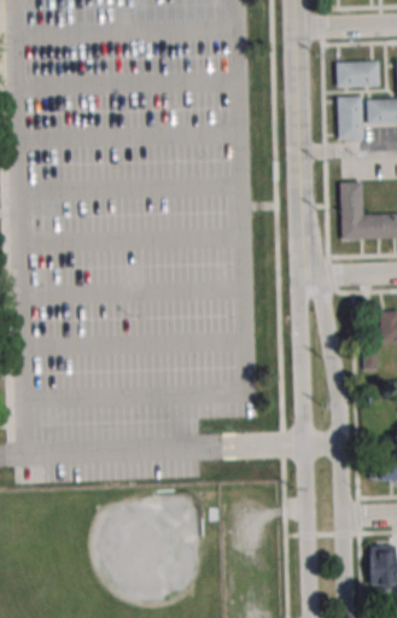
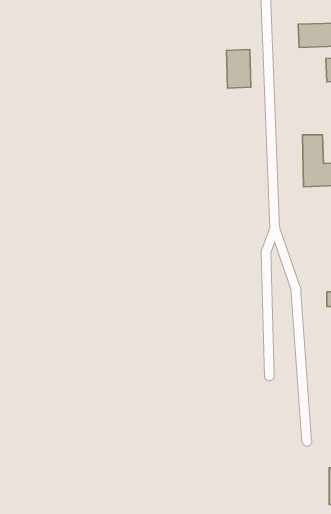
building: [337,98,363,140] -> [226,50,251,88]

